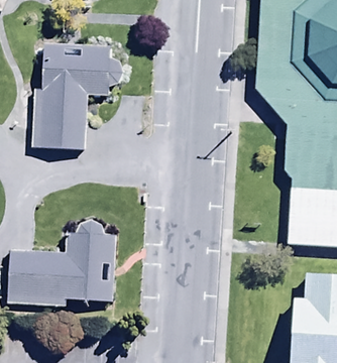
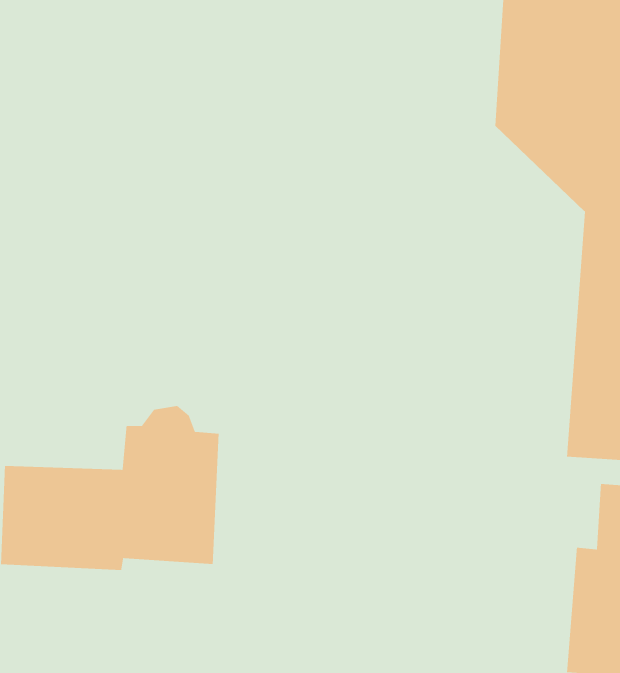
building: [31,46,123,152] -> none

